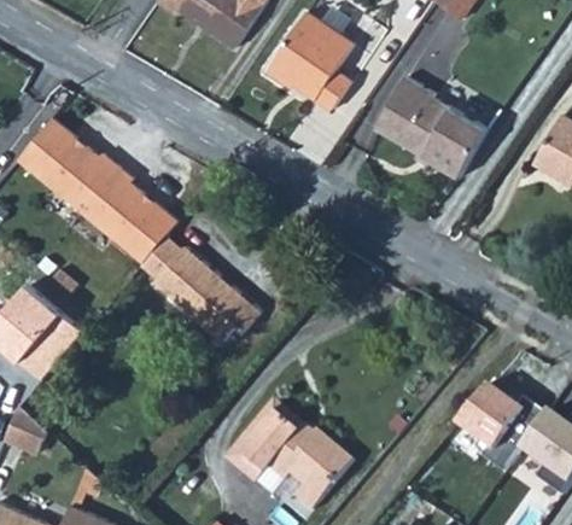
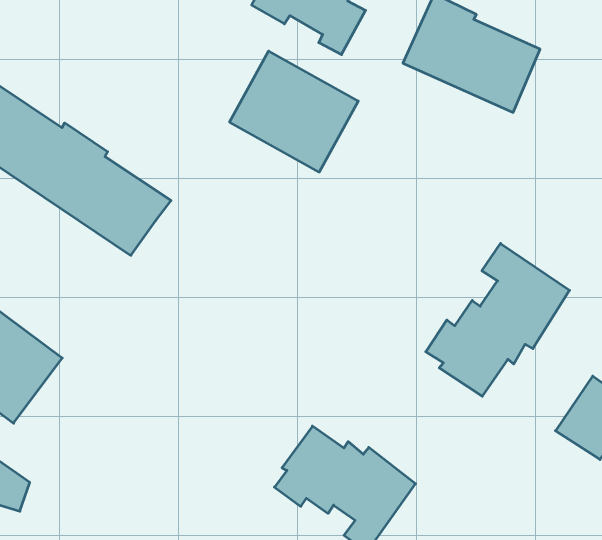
building: none -> [230,51,358,172]
building: [141,234,258,338] -> none
building: none -> [426,243,570,396]

